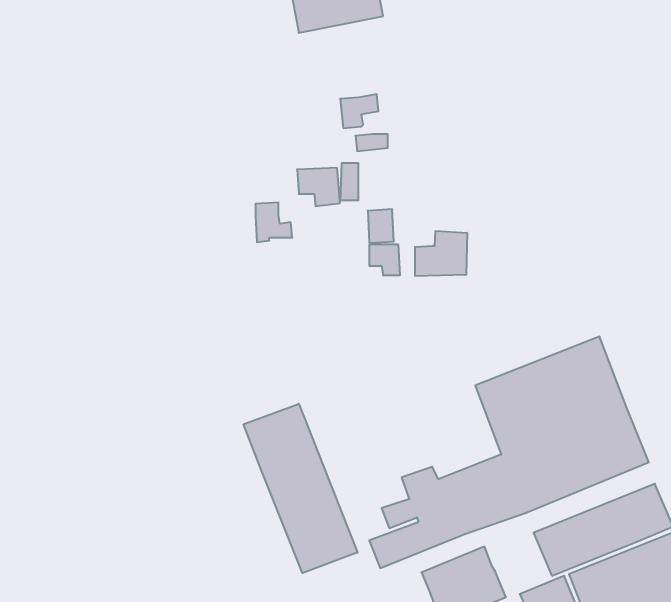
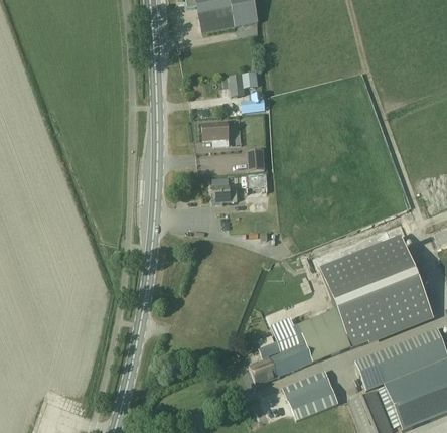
building: [255,202,292,242] -> [212,177,237,203]
building: [415,231,467,276] -> none
building: [244,404,358,573] -> none

